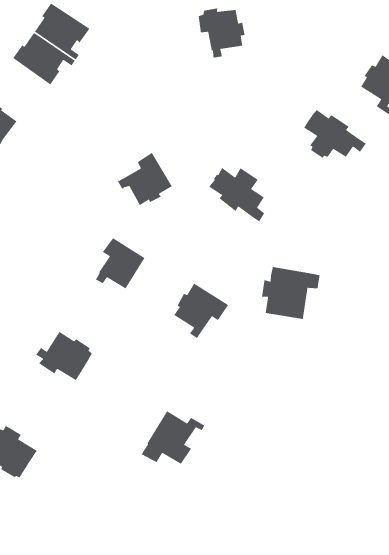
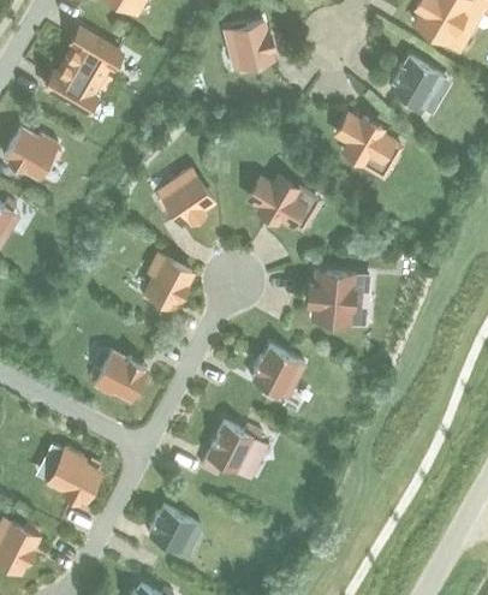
building: [173,283,229,339] -> [252,346,307,401]
building: none -> [149,506,202,551]

